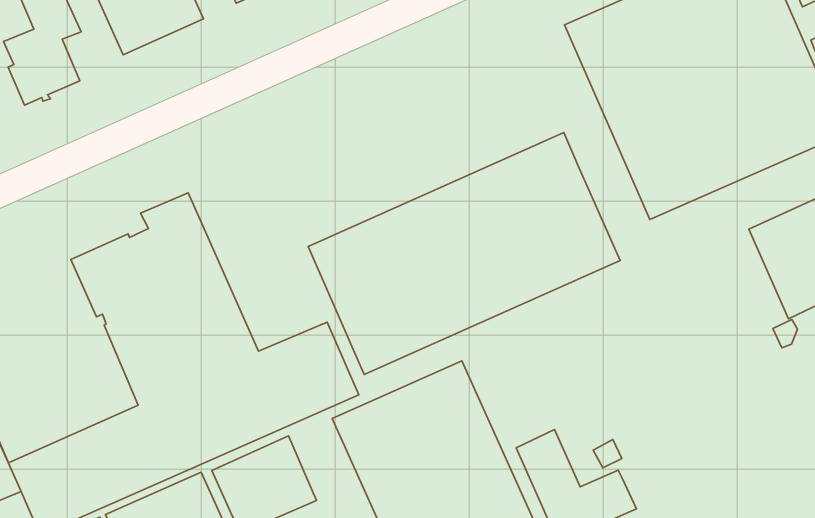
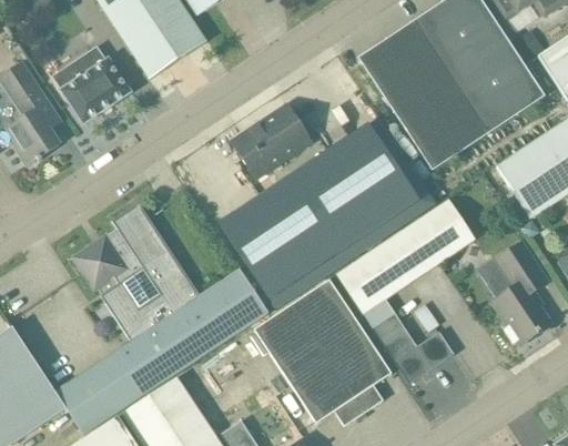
building: none -> [231,103,311,178]
building: none -> [336,200,475,312]
building: none -> [477,240,551,339]

